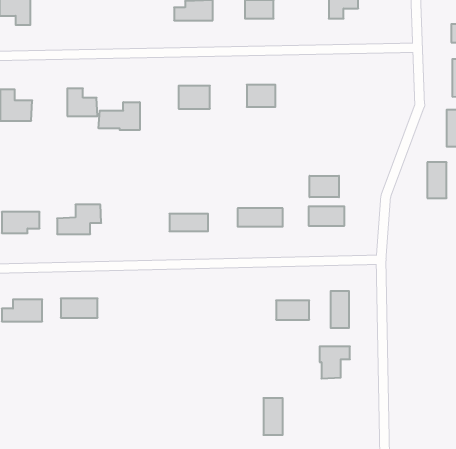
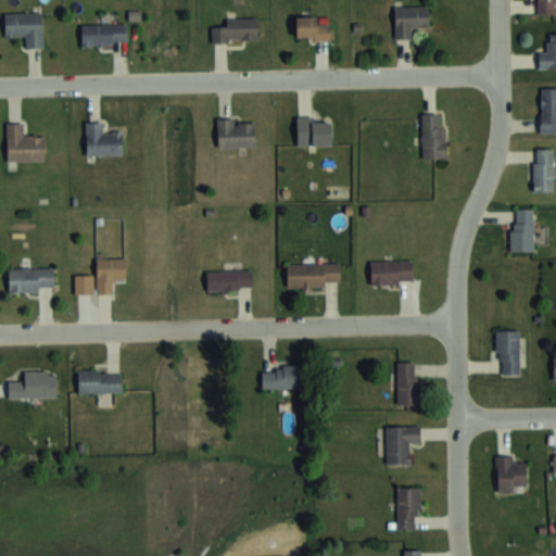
building: none -> [83,24,127,45]
building: none -> [422,115,446,159]
building: [99,102,140,130] -> none
building: [310,176,339,197] -> none
building: none -> [497,331,520,375]
building: [276,300,309,320] -> [264,367,303,390]
building: none -> [497,458,526,491]
building: [263,398,283,435] -> [397,486,420,530]

